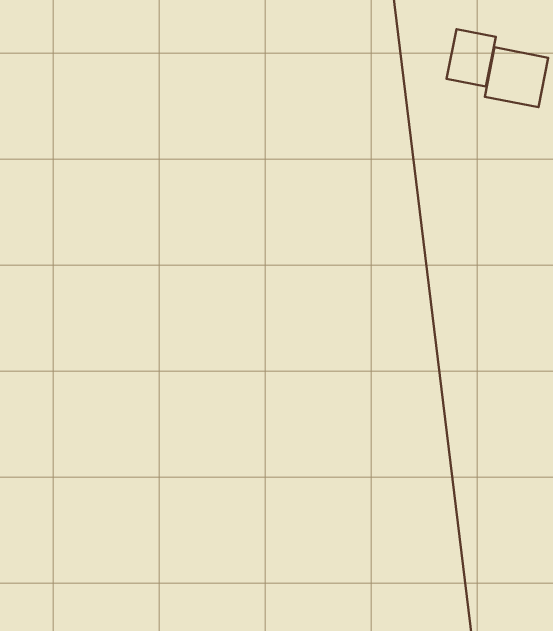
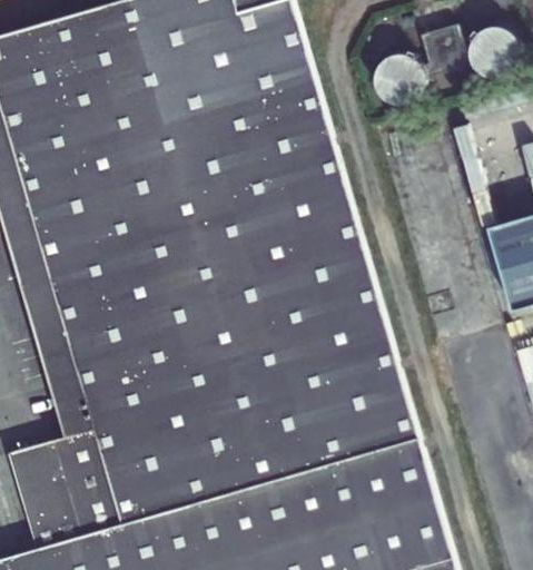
building: [447,29,496,87] -> none

